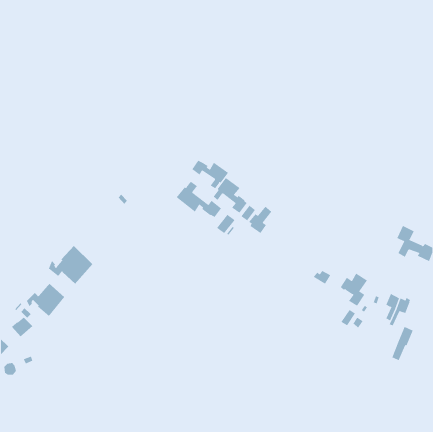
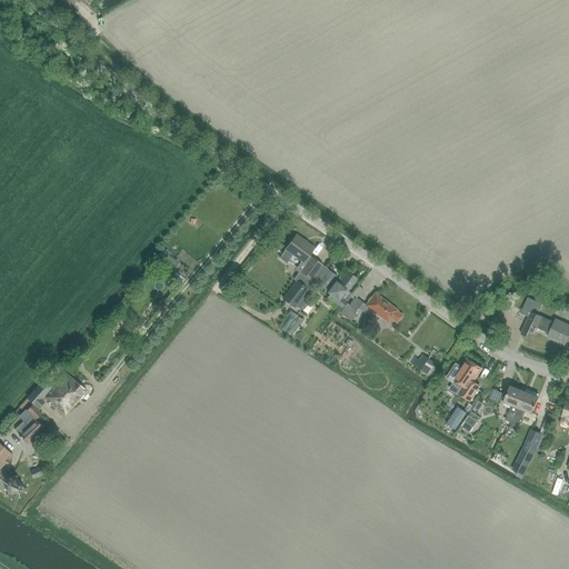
building: [191,160,229,189] -> none
building: [176,181,222,218] -> none
building: none -> [340,286,402,322]
building: [48,245,93,284] -> none

